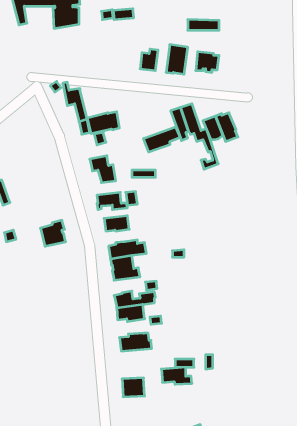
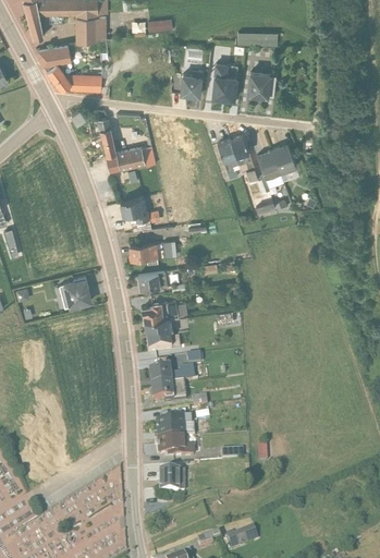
building: none -> [37,45,101,90]
building: [144,127,180,152] -> none
building: [161,367,192,384] -> [157,434,194,454]

